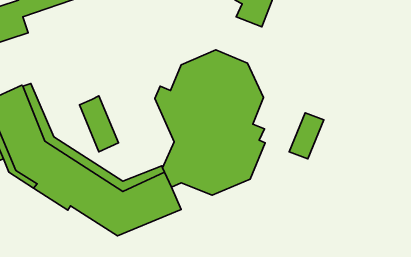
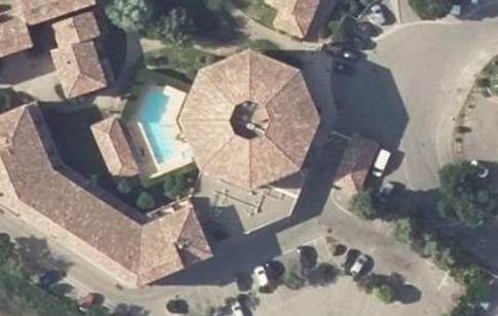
building: none -> [51,11,106,96]
building: none -> [186,47,321,154]
building: none -> [79,243,214,286]

